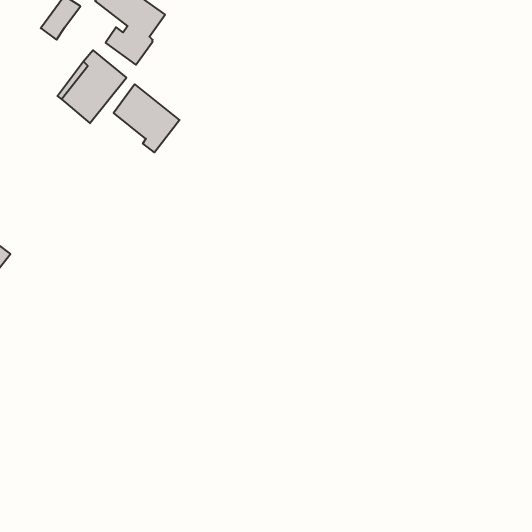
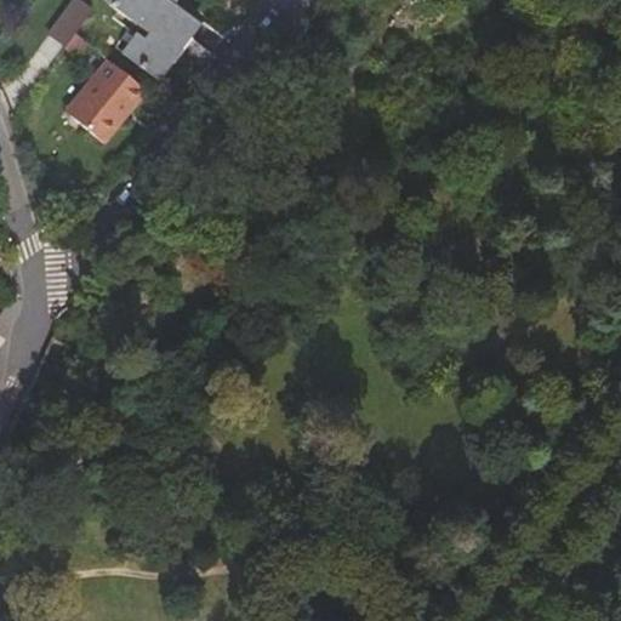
building: [114,84,180,152] -> none

